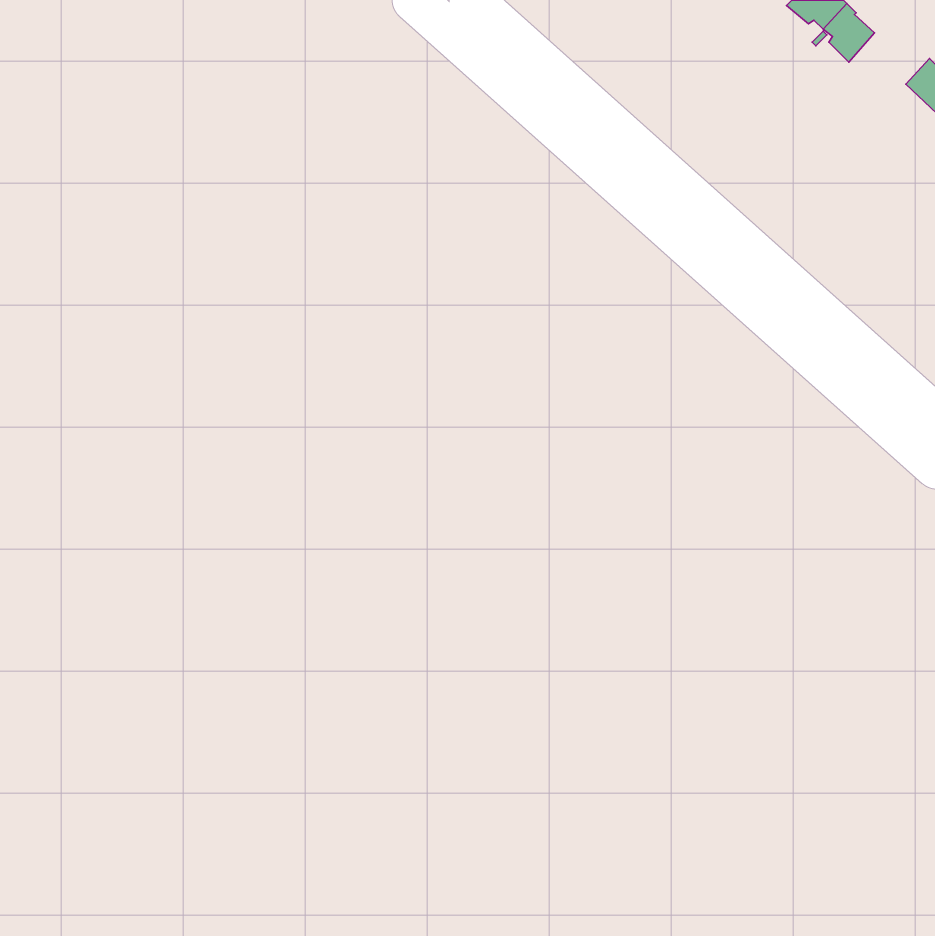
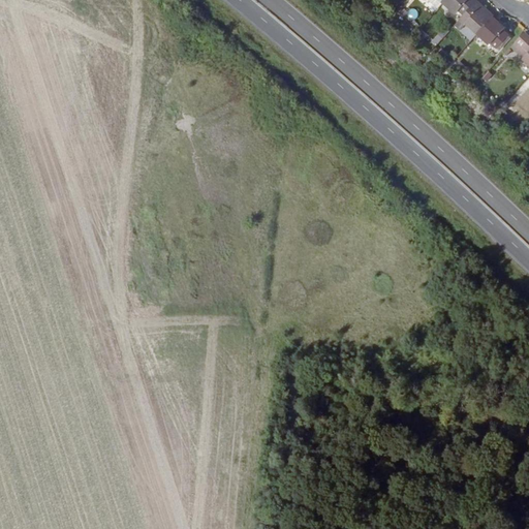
building: none -> [479,19,510,49]

